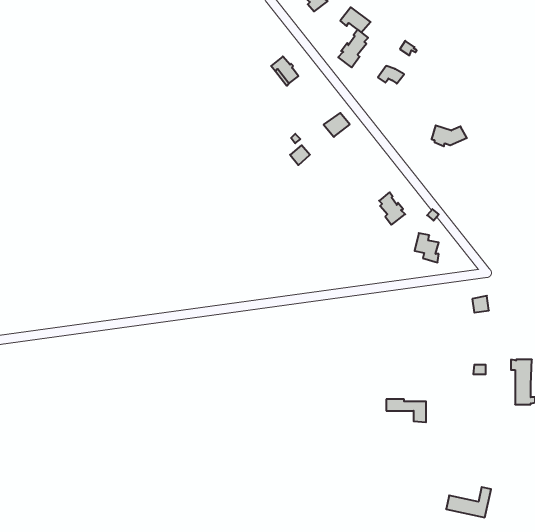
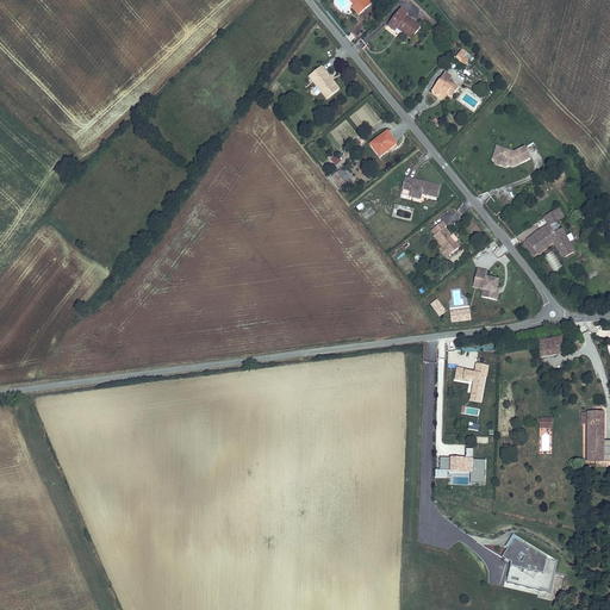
building: [338,30,368,67] -> none
building: none -> [402,174,441,198]
building: none -> [522,206,575,256]
building: none -> [455,362,488,400]
building: none -> [502,533,548,572]

